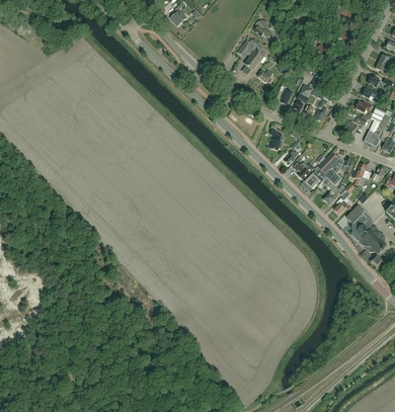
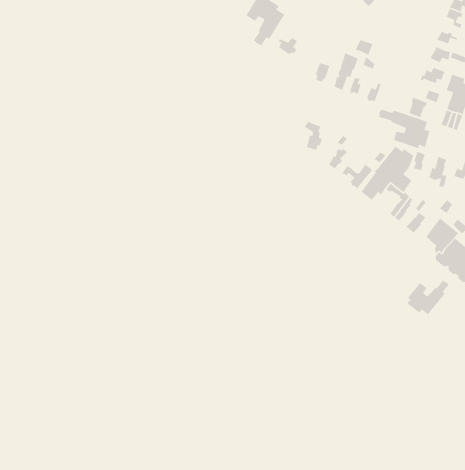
building: none -> [377,109,431,149]
building: none -> [406,279,449,315]

